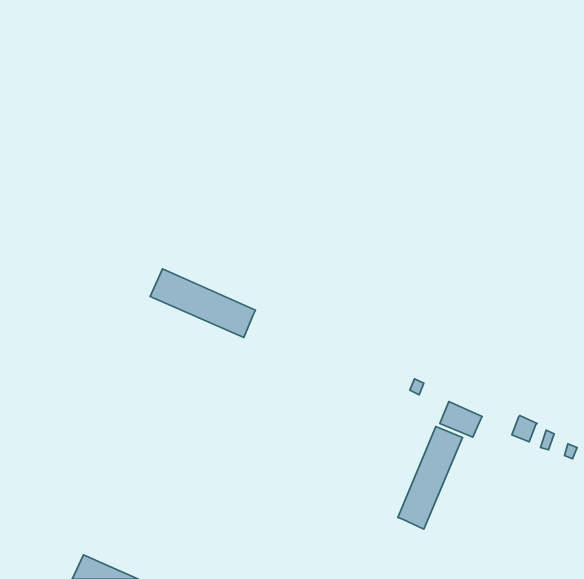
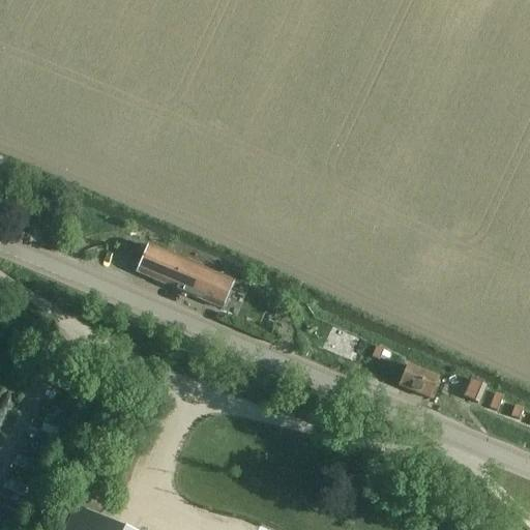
building: [398,427,463,529] -> none

